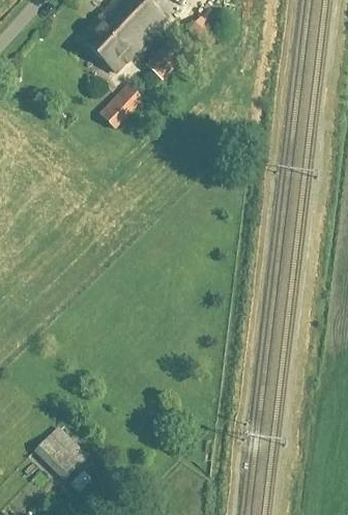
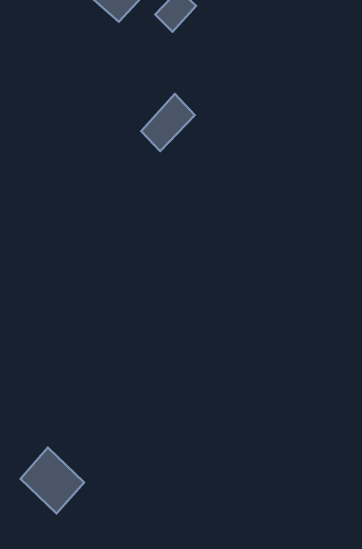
building: [100,81,145,128] -> [141,94,195,151]

